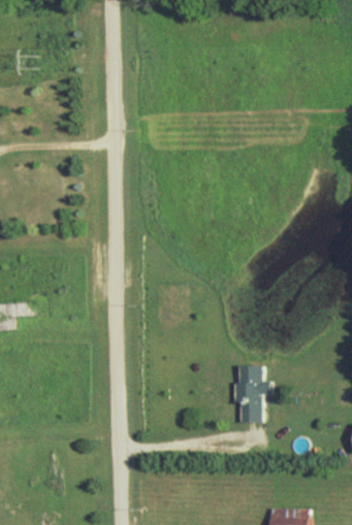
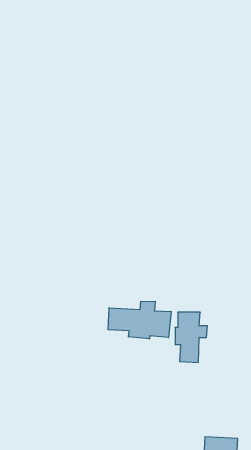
building: none -> [108,301,171,339]

